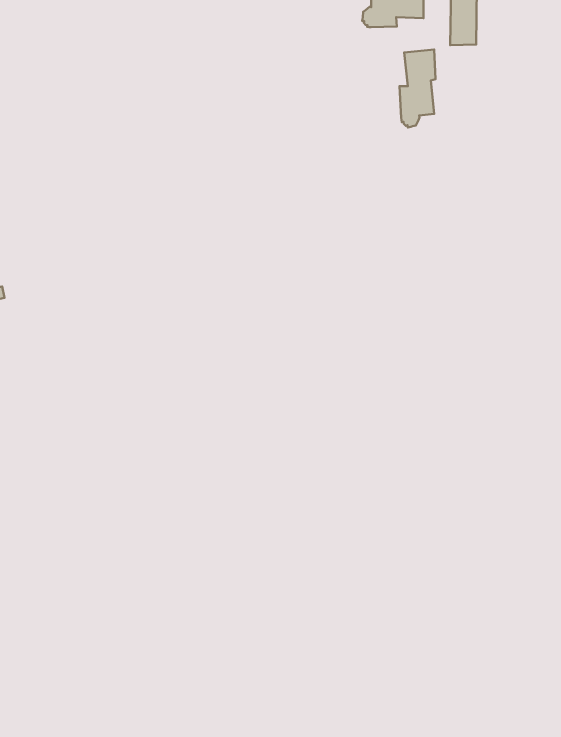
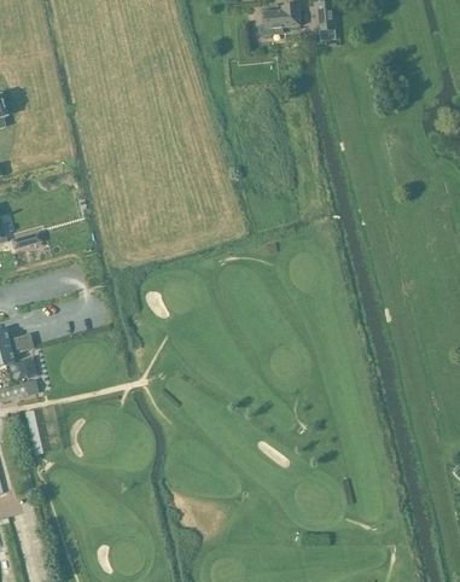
building: [399,50,436,128] -> none

